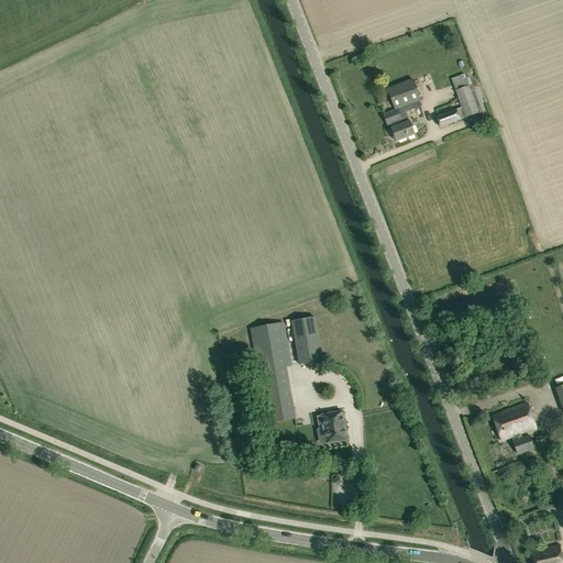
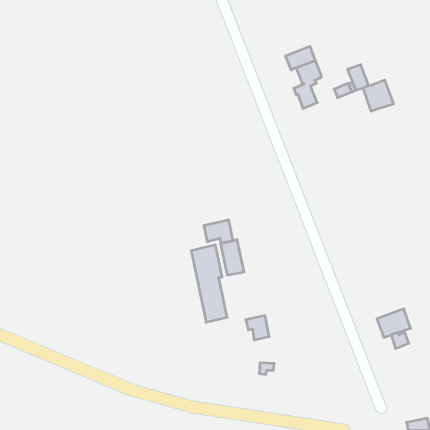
building: none -> [286,46,315,70]
building: none -> [363,80,393,111]
building: none -> [204,220,233,243]

